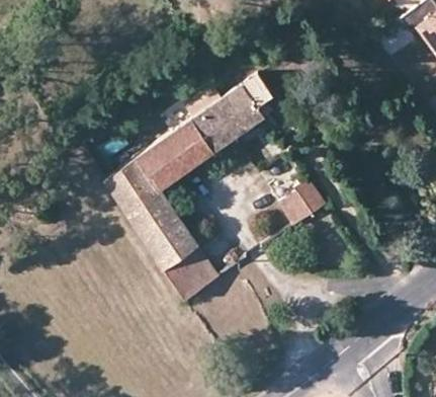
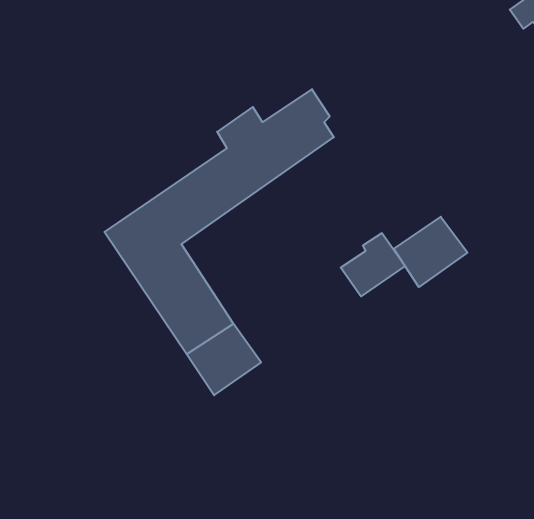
building: none -> [394,217,467,287]

